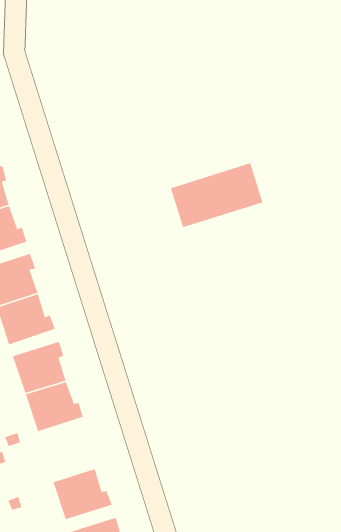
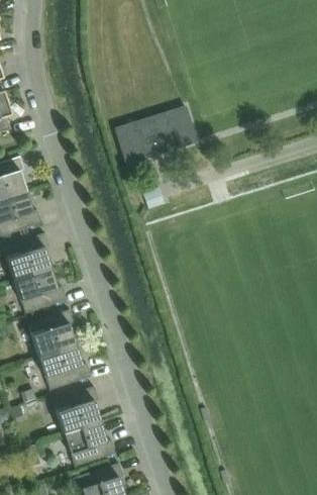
building: [170,162,264,228] -> [115,106,197,164]
building: none -> [54,386,101,432]

